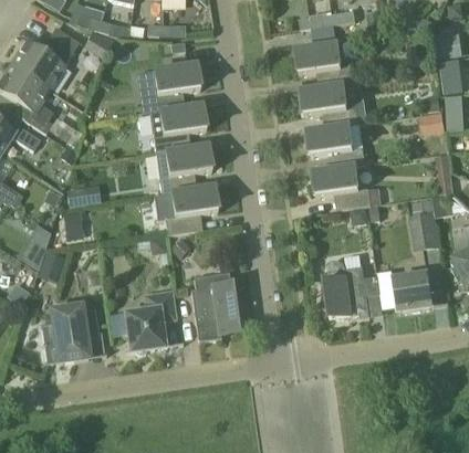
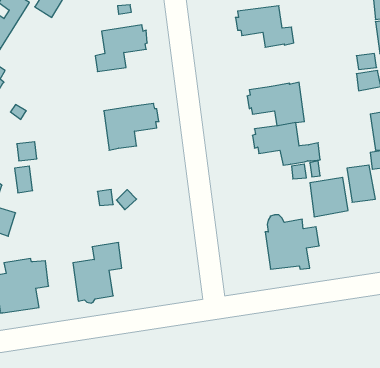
building: [300,83,359,127] -> none
building: [149,104,208,152] -> none
building: [165,186,219,234] -> none
building: [191,271,239,340] -> none
building: [394,271,434,312] -> [310,177,348,217]

